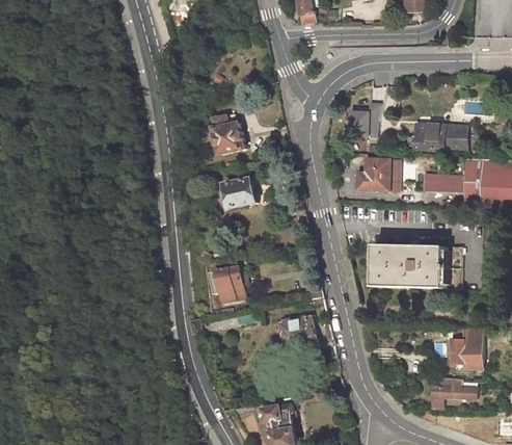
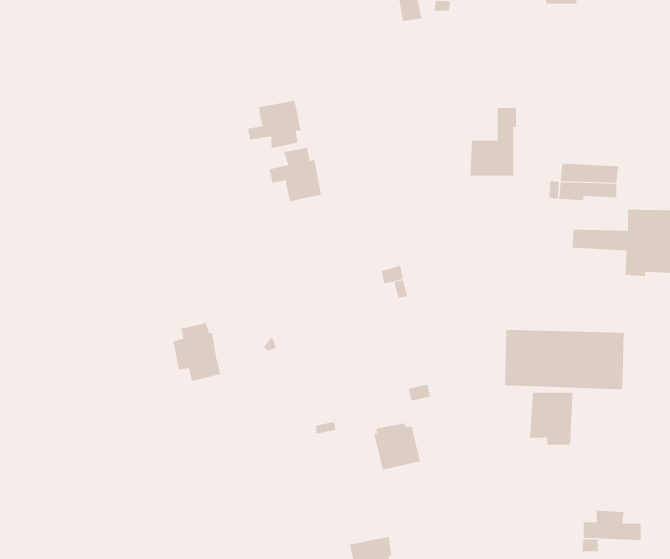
building: none -> [247,100,301,149]
building: [357,159,399,191] -> none
building: [223,178,257,208] -> none
building: [208,260,243,303] -> [172,323,221,381]
building: [452,331,484,369] -> [529,392,574,445]

